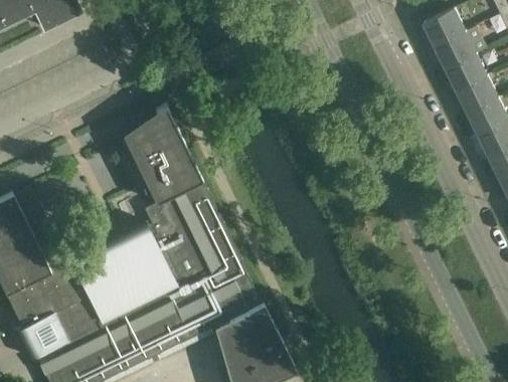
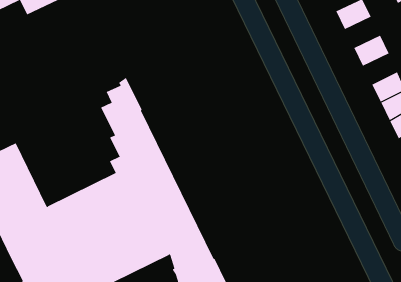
building: [434,32,478,70] -> none
building: [456,77,499,116] -> none

